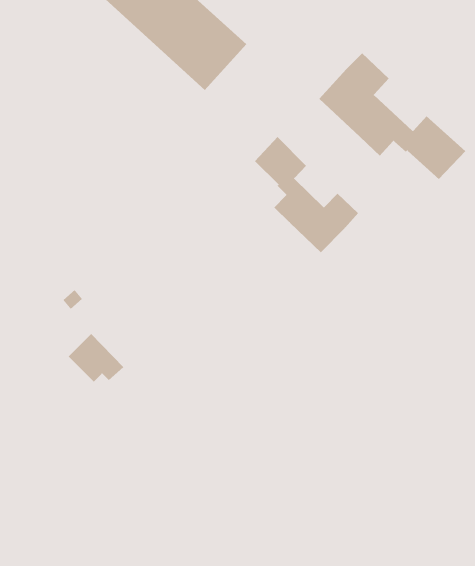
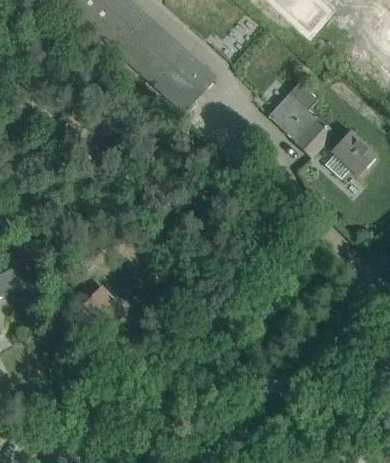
building: [254,136,359,253] -> none

